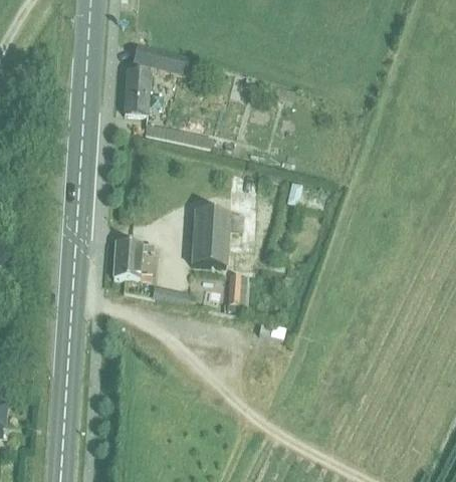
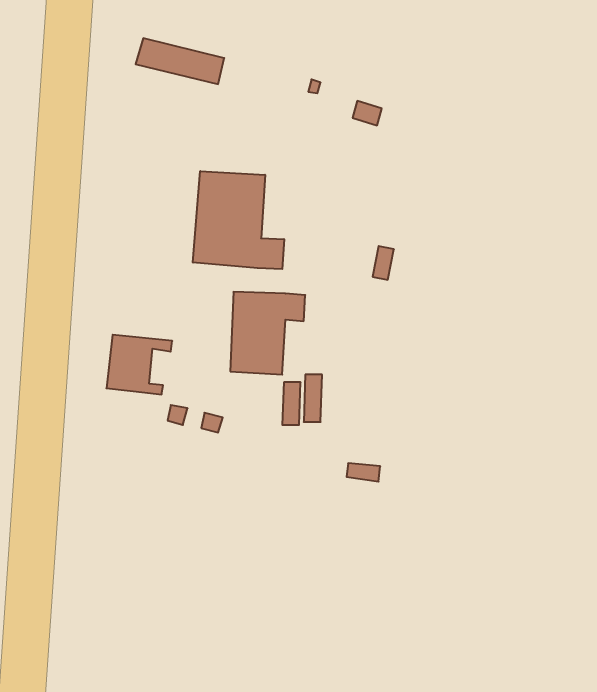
building: [127,69,148,111] -> none
building: none -> [193,171,284,269]

